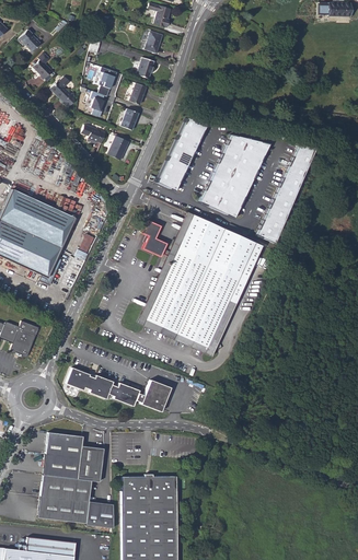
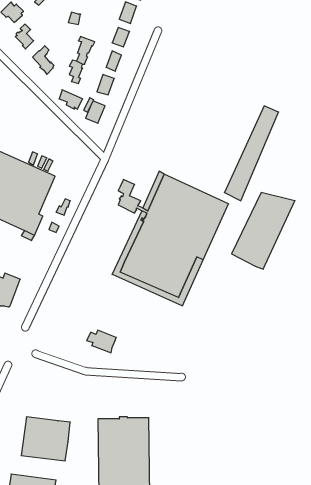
building: [159,117,207,189] -> none
building: [201,135,269,217] -> [232,193,295,269]
building: [67,366,115,399] -> none
building: [137,378,172,411] -> none
building: [45,432,105,481] -> none
building: [86,501,115,527] -> none

